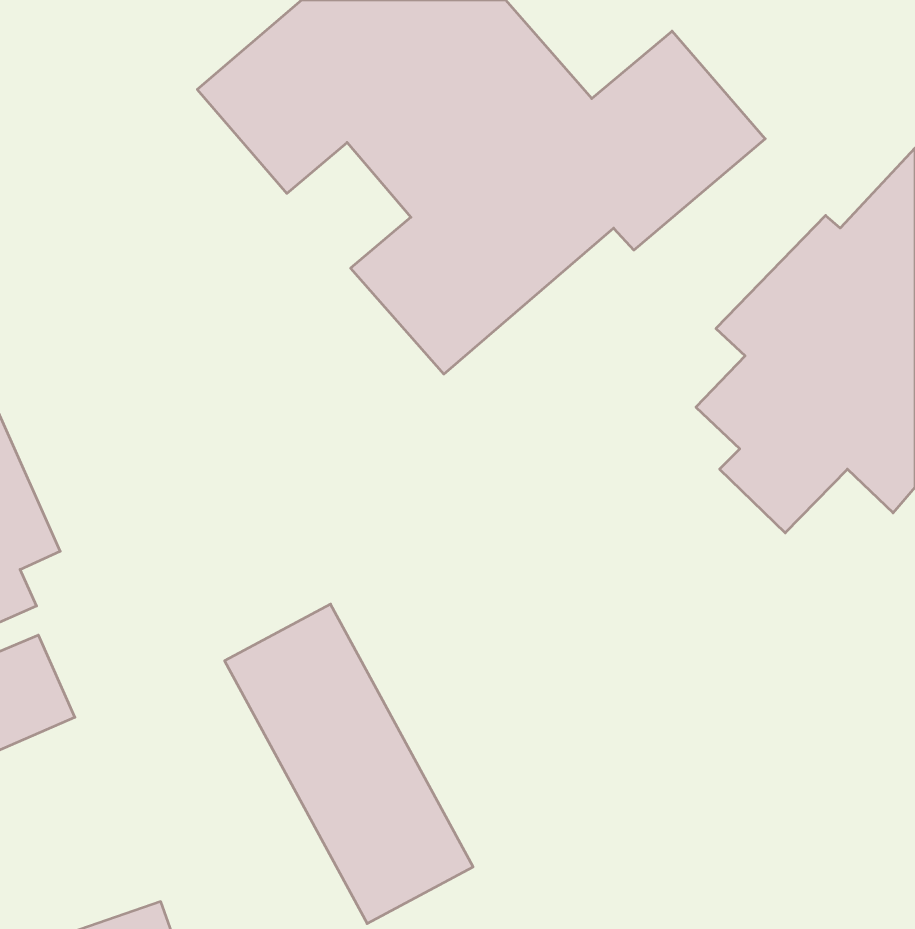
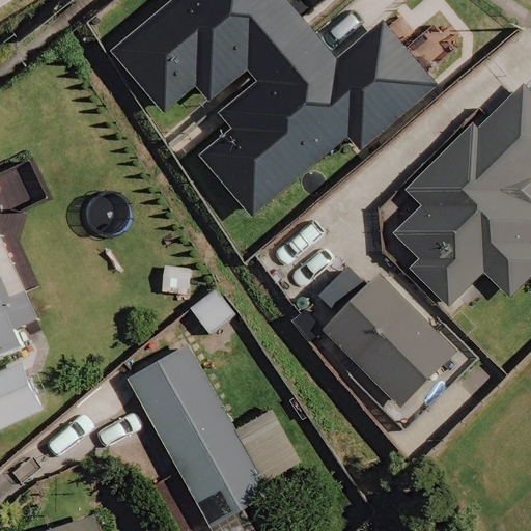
building: none -> [304,269,460,408]

